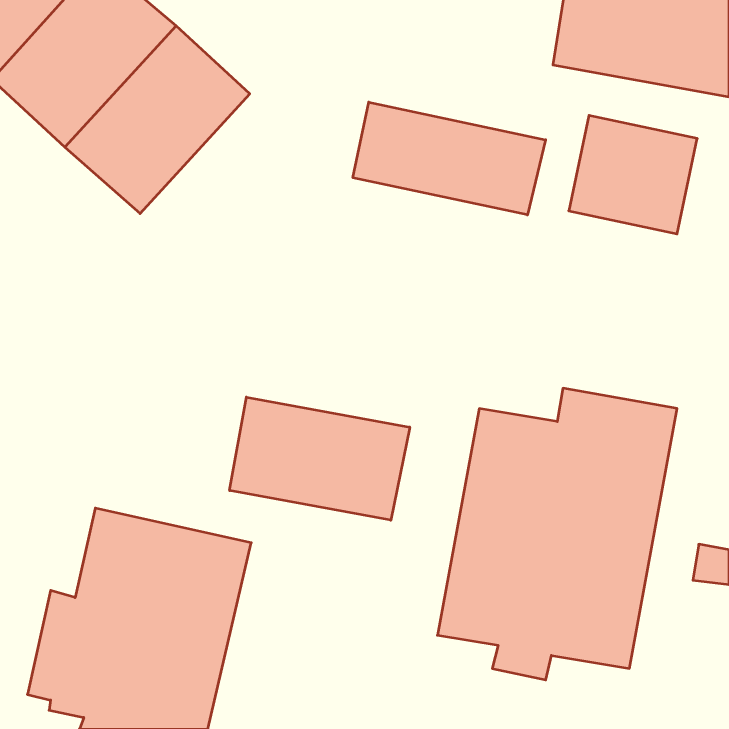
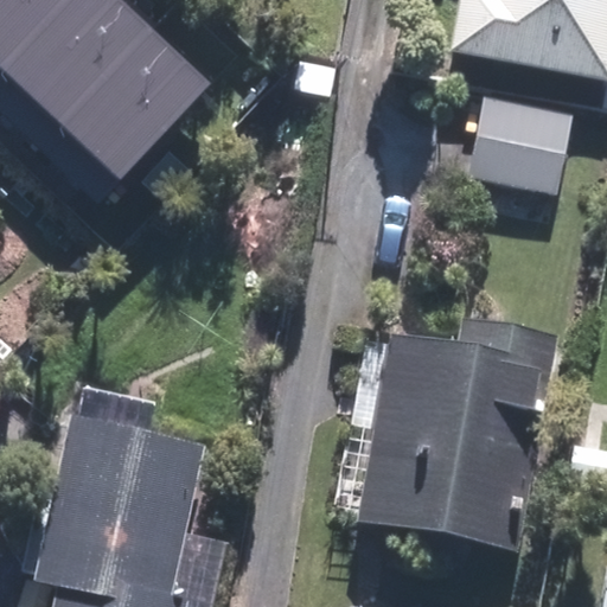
building: [353,102,546,215] -> none
building: [230,397,410,520] -> none

